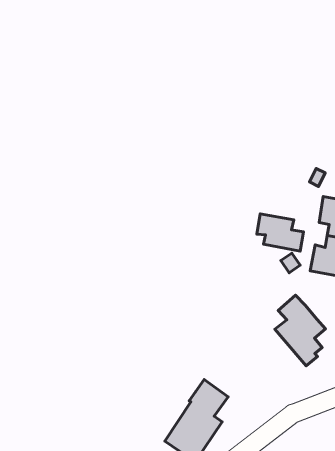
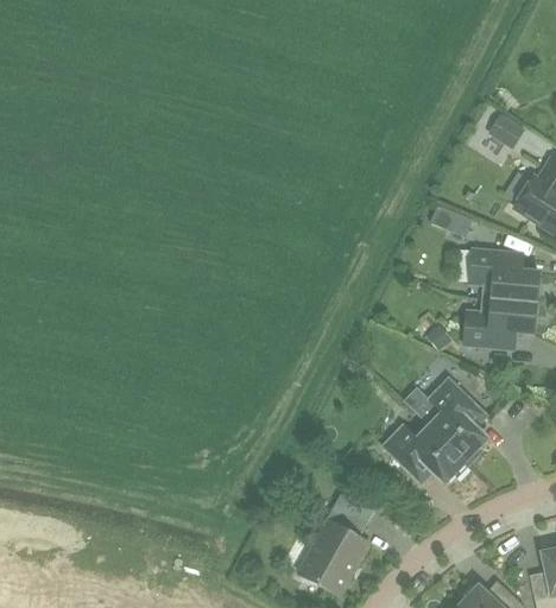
building: [257,214,303,251] -> none
building: none -> [379,420,468,484]

